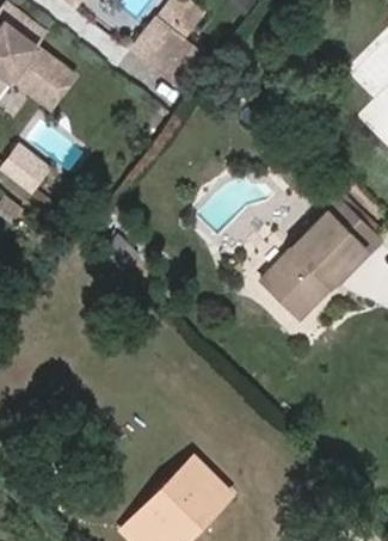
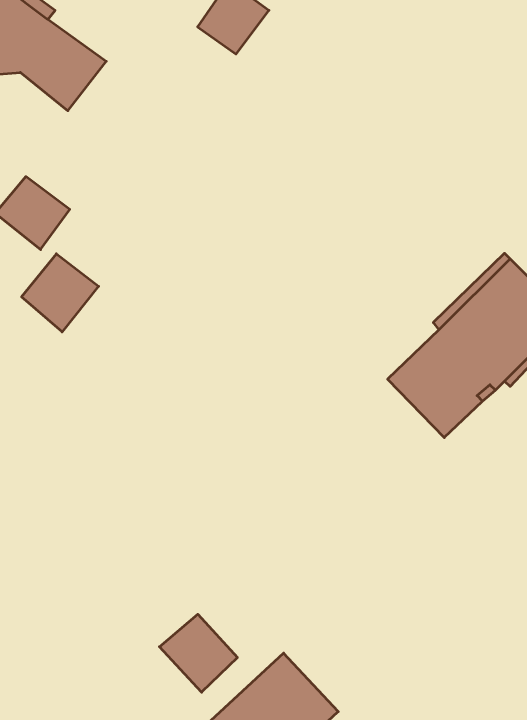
building: none -> [22,254,99,332]
building: none -> [159,614,237,692]

